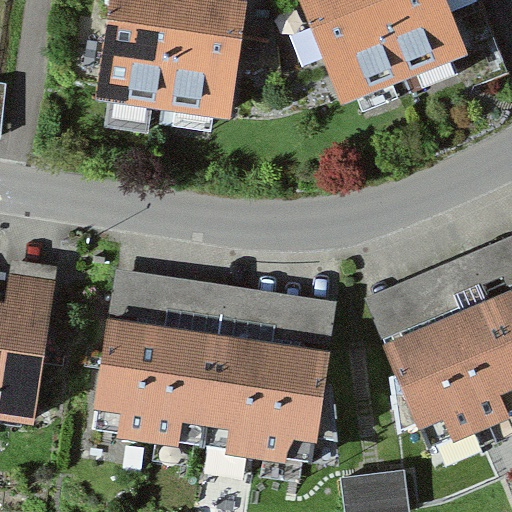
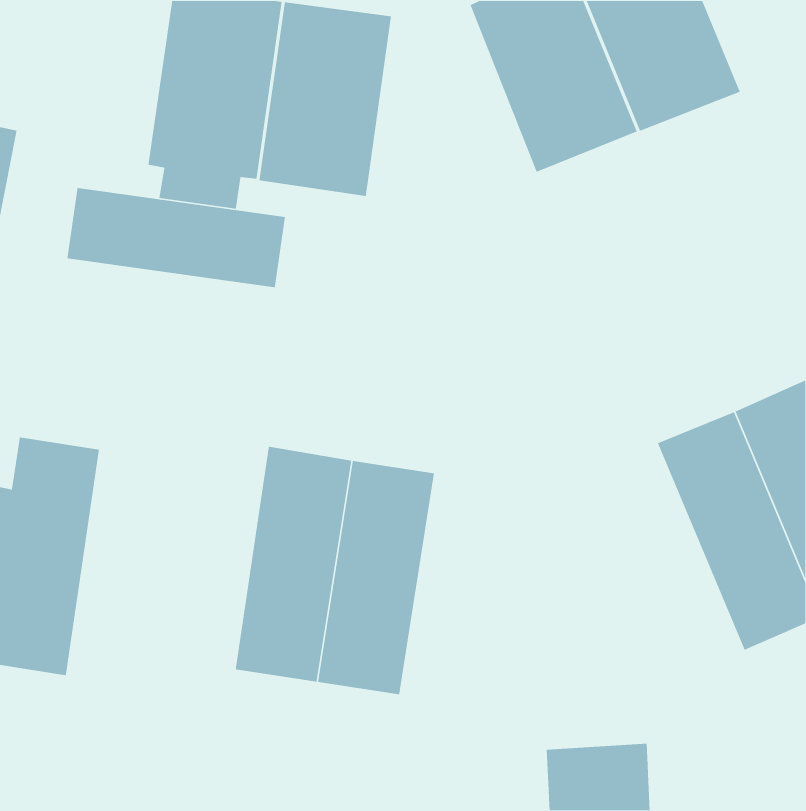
building: none -> [66,187,286,288]
building: [95,273,169,422] -> none
building: [365,279,469,430] -> none
building: [252,298,326,446] -> none

